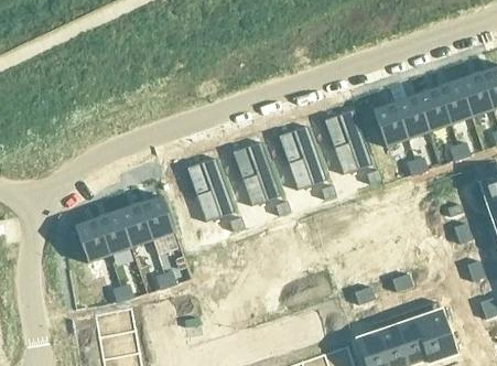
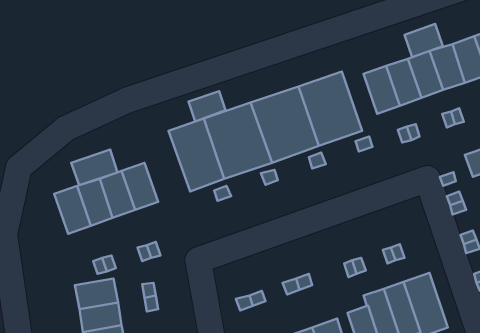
building: none -> [405,24,443,57]
building: none -> [188,91,225,121]
building: none -> [71,150,117,185]

